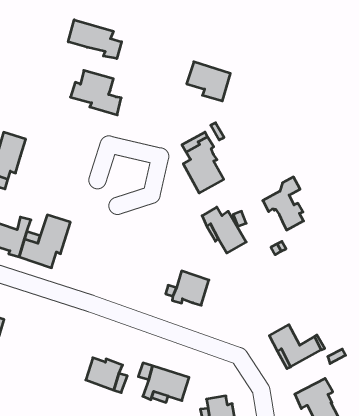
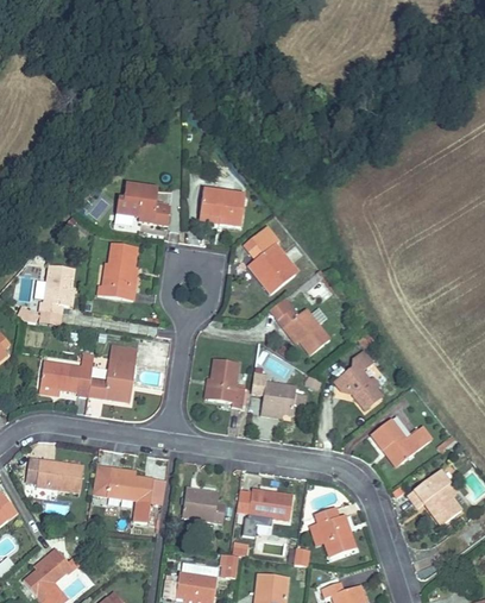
building: [68,20,122,59] -> none
building: [187,62,230,101] -> [199,189,244,226]
building: none -> [97,241,137,300]
building: [263,177,304,230] -> [334,350,382,408]
building: none -> [208,358,245,407]
building: none -> [92,465,153,522]

